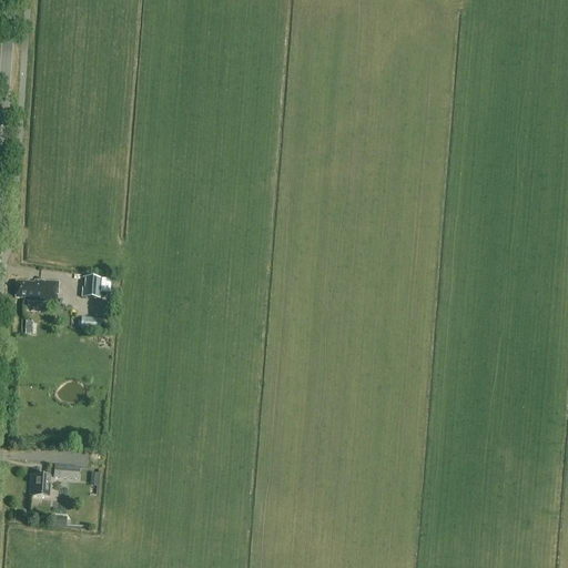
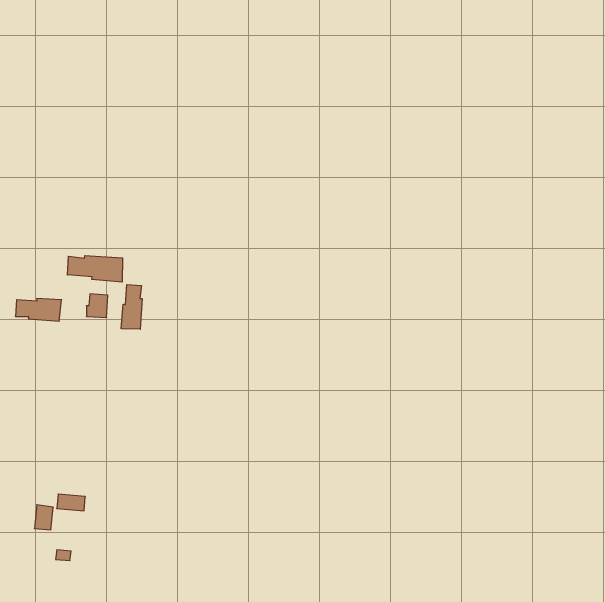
building: none -> [67,256,123,282]
building: none -> [121,285,142,329]

